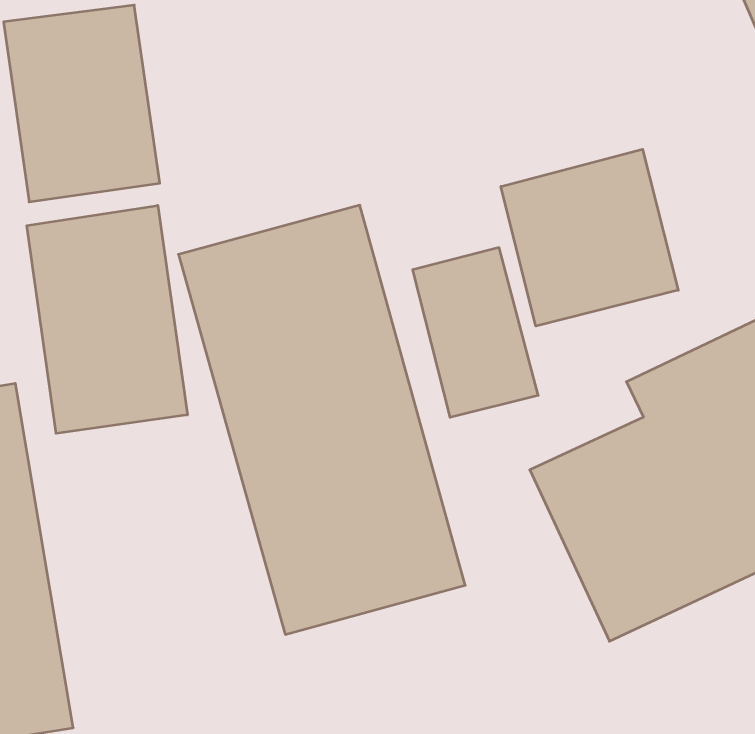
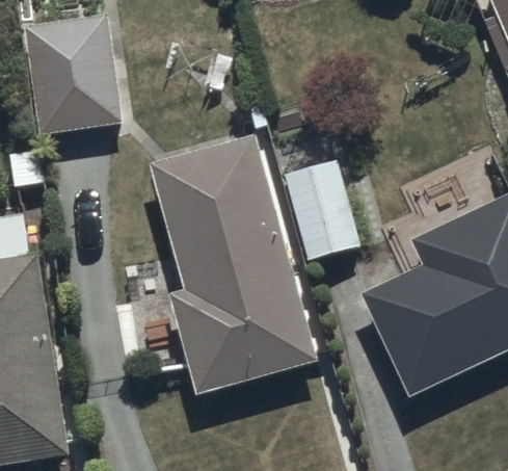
building: [501,149,678,326] -> none
building: [27,205,187,433] -> none

